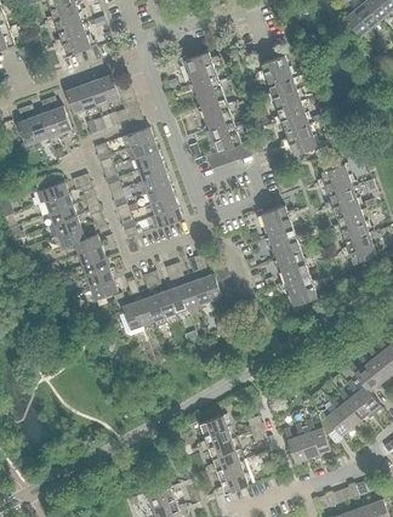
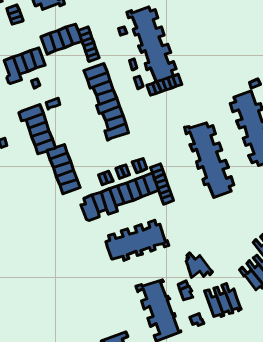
building: [257,55,328,154] -> none
building: none -> [106,220,169,260]
building: [318,404,353,437] -> [186,253,213,277]

